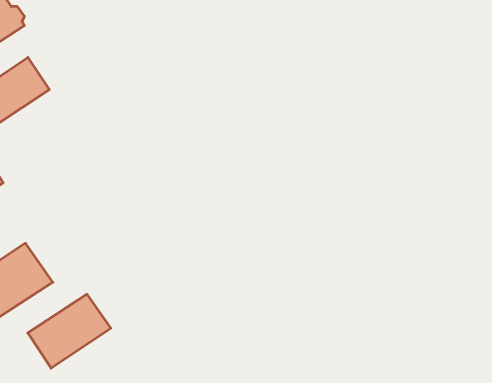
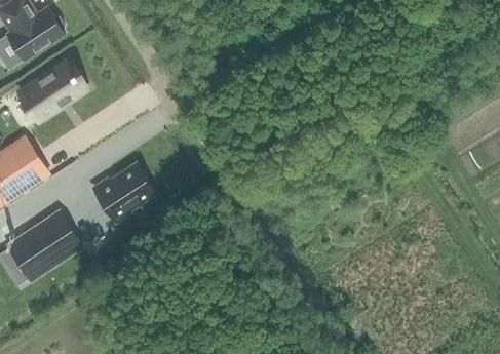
building: none -> [91,163,153,221]
building: [28,294,111,368] -> none

